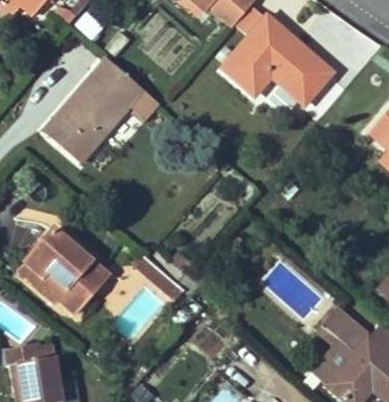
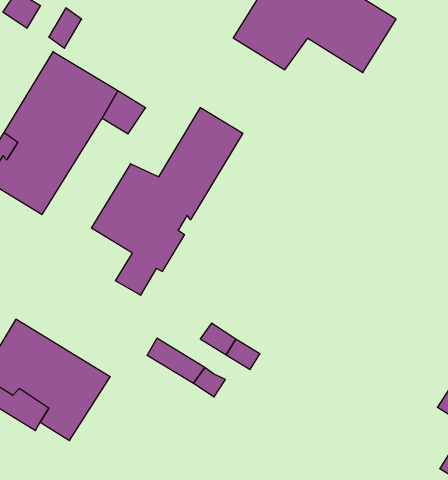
building: none -> [92,108,243,295]

